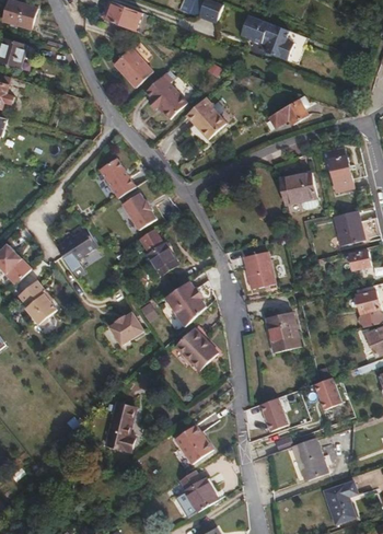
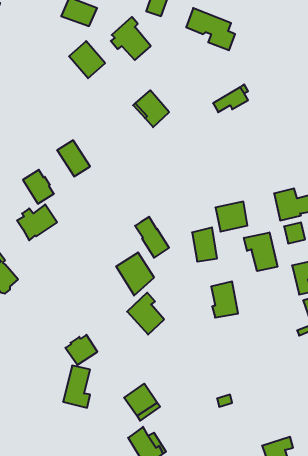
building: [141,74,185,121] -> [111,17,151,60]
building: [328,140,353,183] -> none
building: [279,172,314,205] -> [215,202,247,232]
building: [121,193,155,230] -> [23,170,54,204]
building: [140,227,177,271] -> [135,217,169,258]
building: none -> [244,232,277,271]
building: [108,313,143,346] -> [65,335,97,365]
building: [311,376,339,409] -> none
building: [257,397,285,431] -> none
building: [293,438,326,479] -> none

